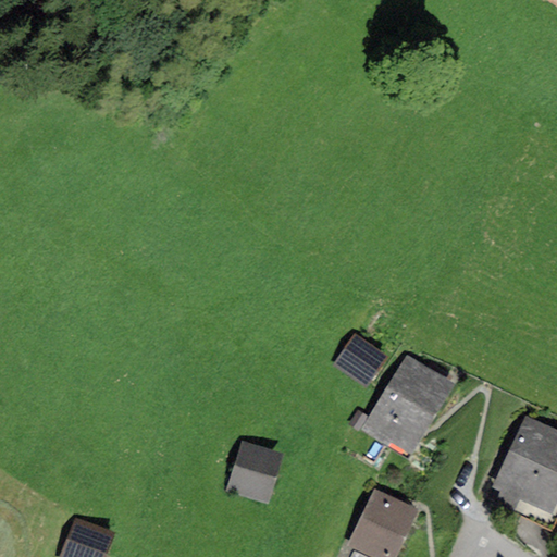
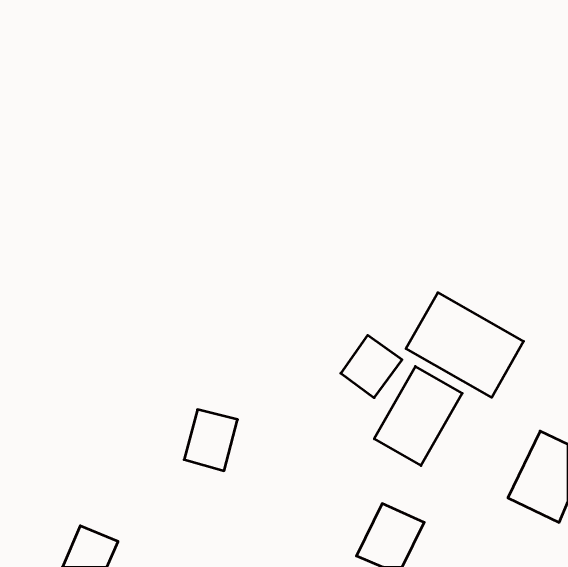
building: none -> [406,293,524,397]
building: [230,443,282,503] -> [184,410,238,471]

